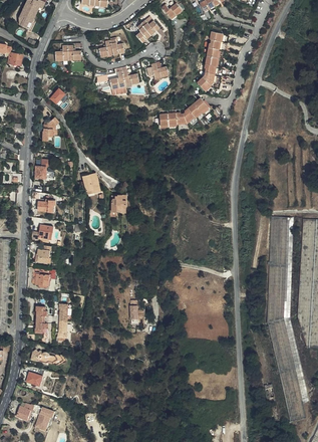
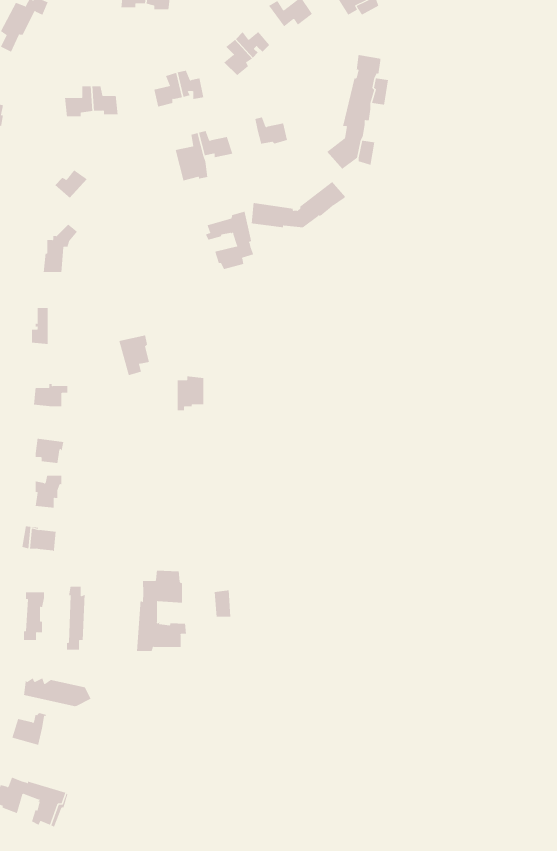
building: none -> [205,211,254,270]
building: none -> [137,570,186,652]

